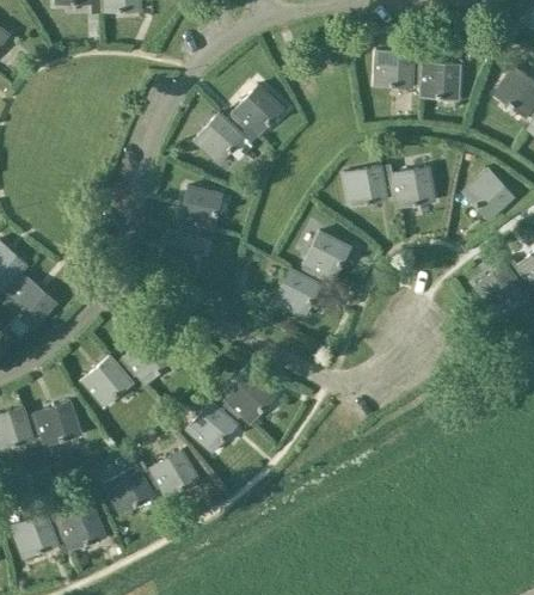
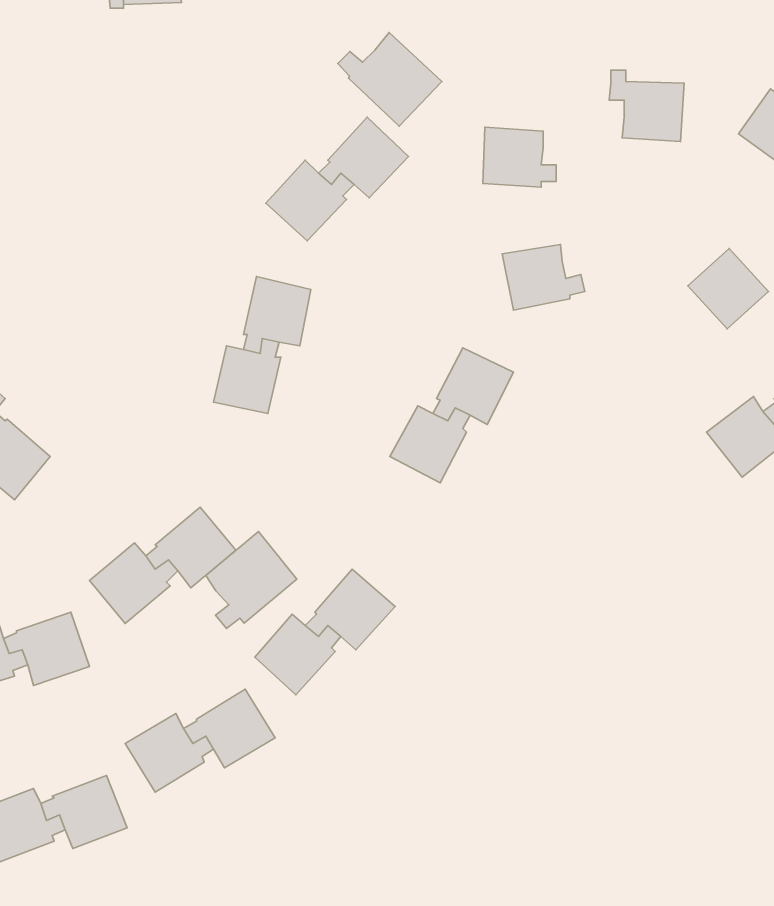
building: none -> [338,32,442,126]
building: [375,50,422,88] -> [483,127,556,187]
building: [382,166,435,209] -> none
building: none -> [206,532,297,629]

